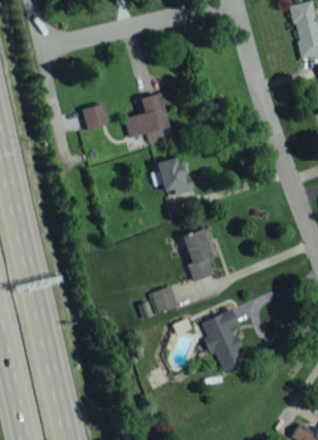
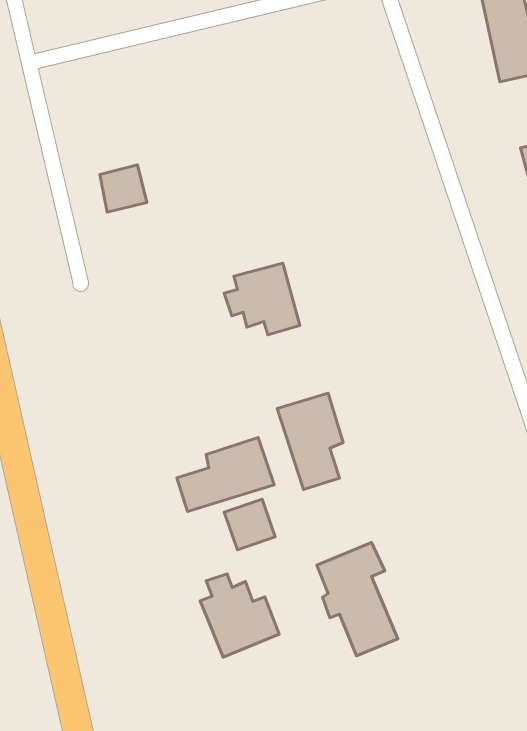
building: [125,90,177,142] -> none
building: none -> [177,438,274,512]
building: none -> [200,574,279,657]

